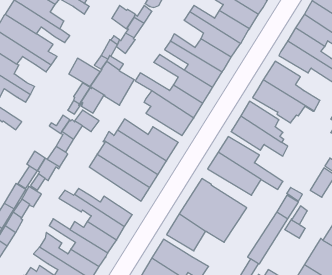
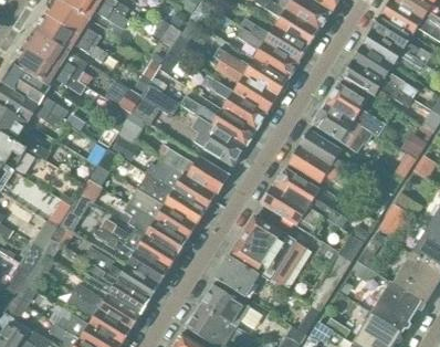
building: none -> [123,201,187,255]

